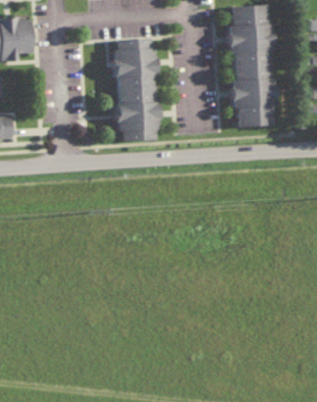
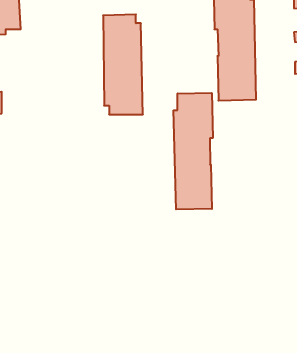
building: none -> [174,93,213,209]

